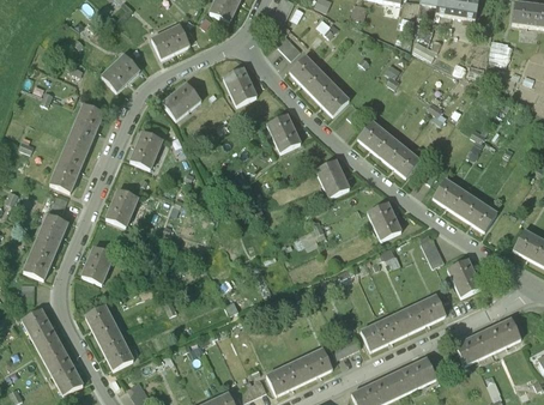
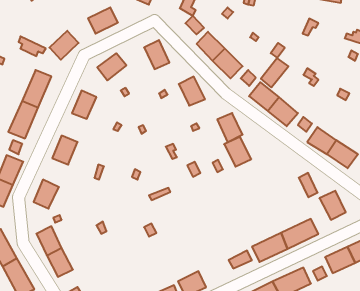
building: none -> [261,58,288,87]
building: [367,201,401,240] -> [224,137,251,167]
building: [292,349,332,382] -> none

